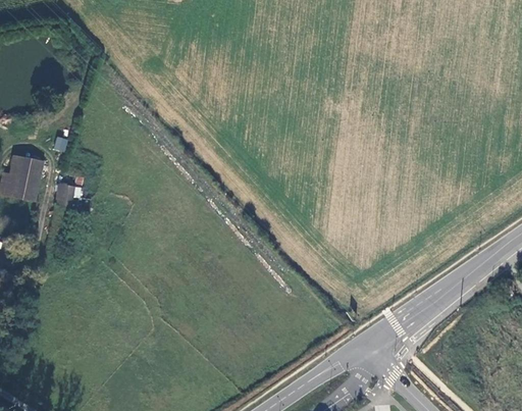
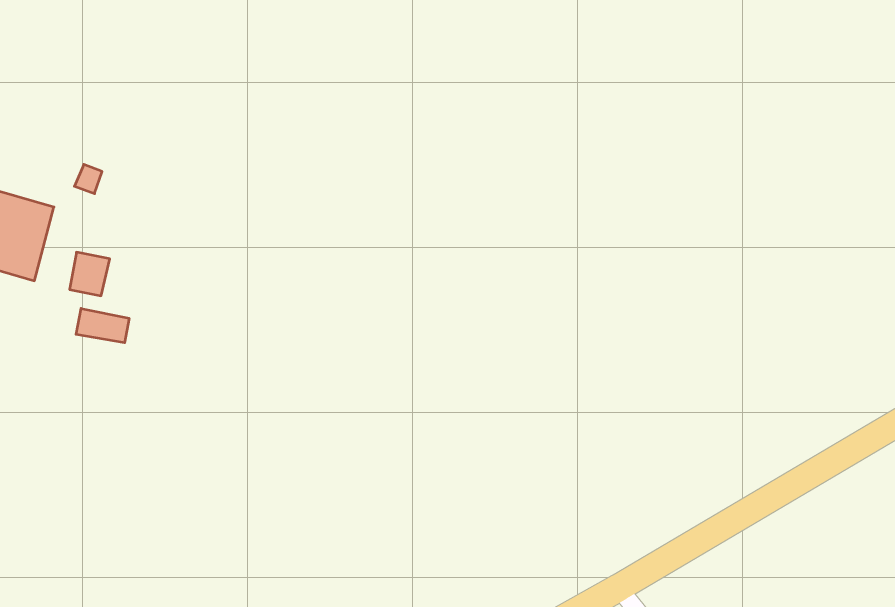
building: none -> [76,308,129,343]

